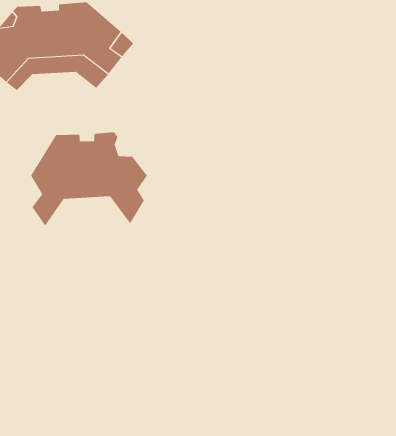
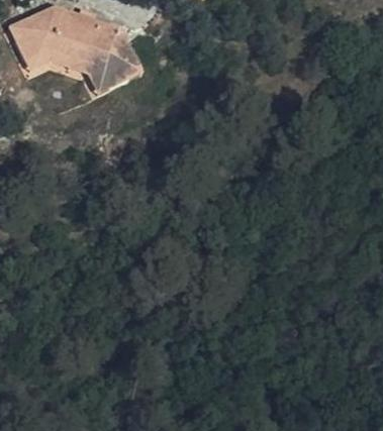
building: [30,132,147,227] -> none

